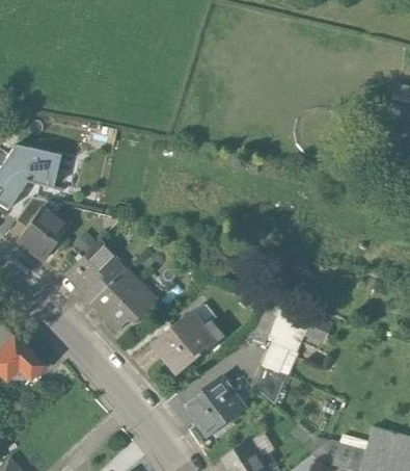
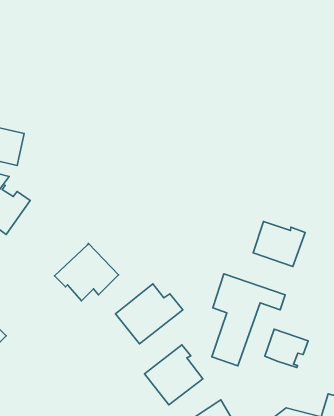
building: [63,241,126,304] -> none
building: none -> [253,222,305,266]
building: none -> [265,329,308,367]

